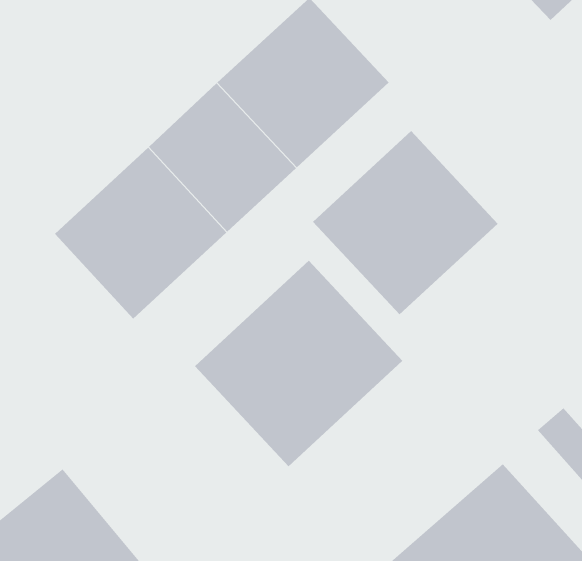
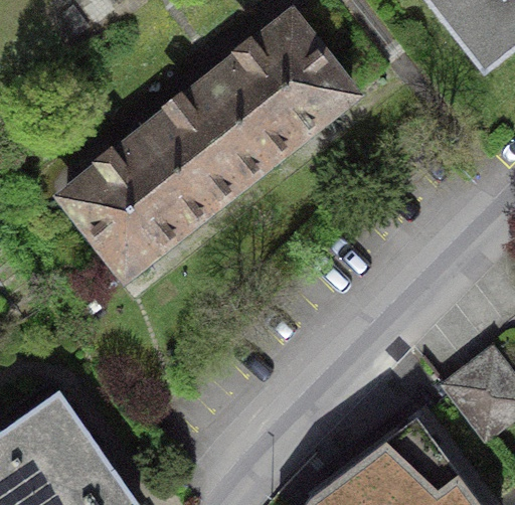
building: [312,130,498,315] -> none
building: [194,260,403,467] -> none

